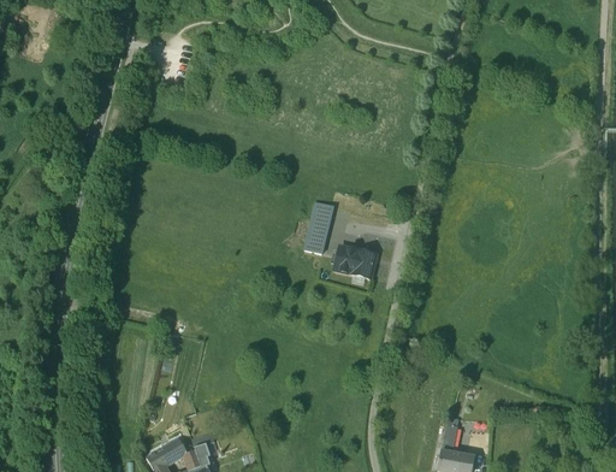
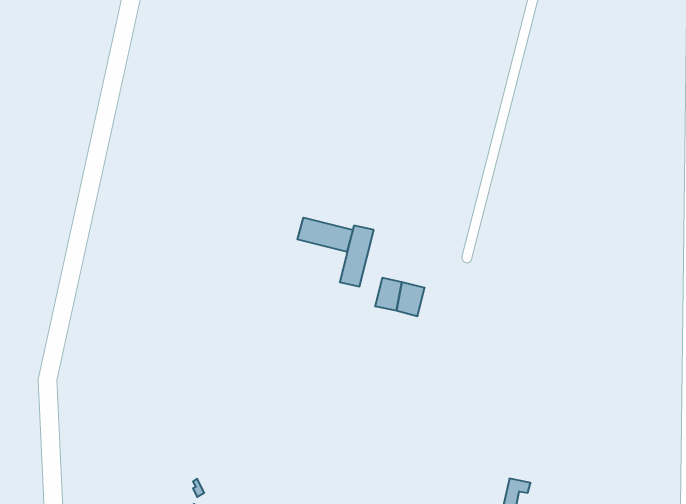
building: none -> [297,218,353,252]

